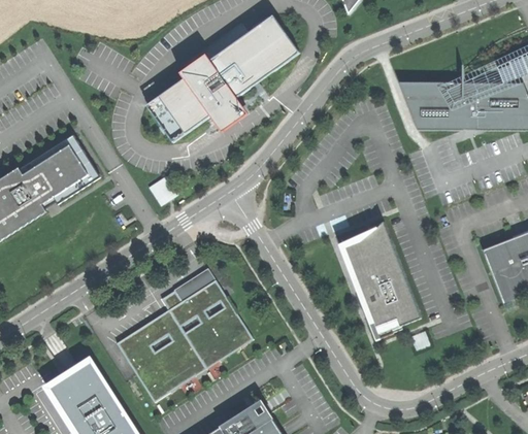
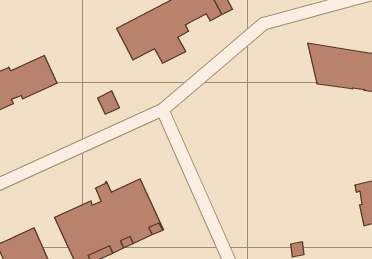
building: [146,96,185,141] -> none
building: [343,221,421,338] -> none
building: [173,267,214,300] -> none

